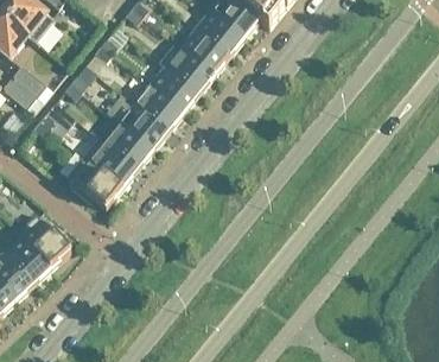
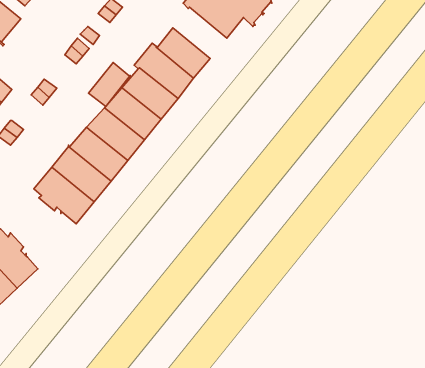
building: [195,8,244,56] -> none
building: none -> [89,63,130,106]

